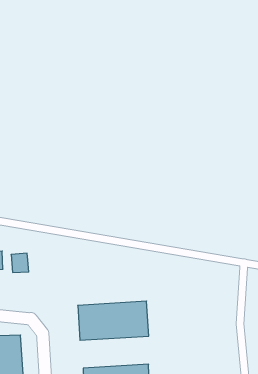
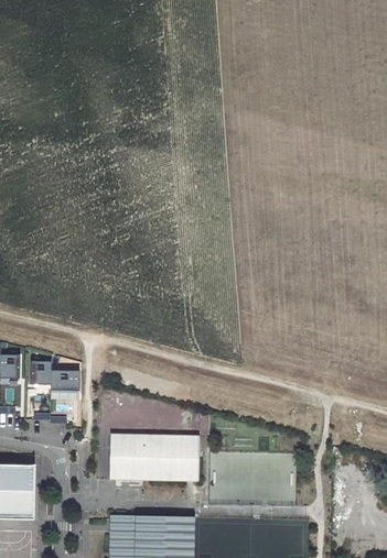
building: none -> [51,370,79,391]

